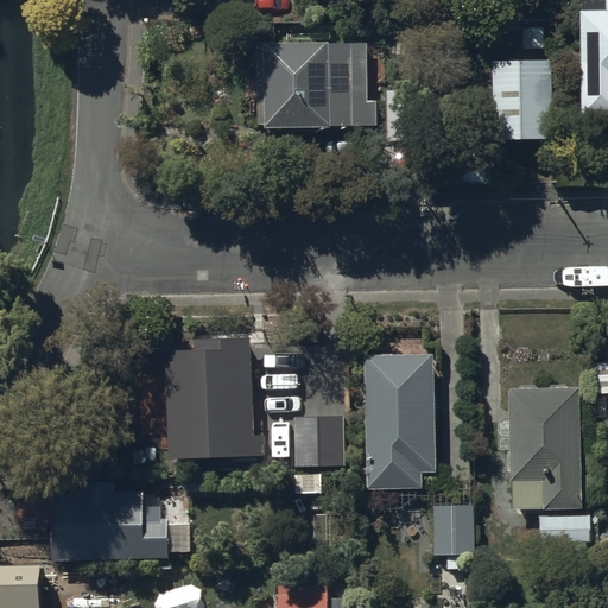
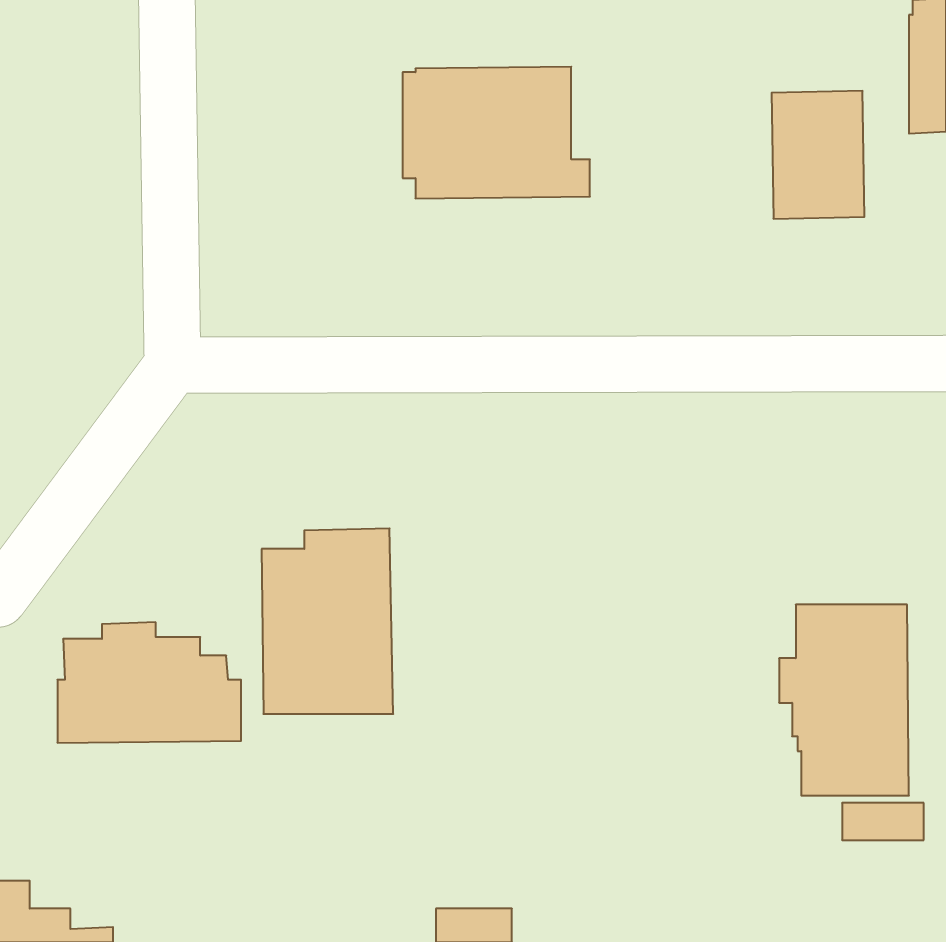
building: [366,355,433,488] -> none
building: [294,414,344,467] -> none
building: [52,482,170,559] -> [57,622,241,743]
building: [435,498,475,555] -> none

